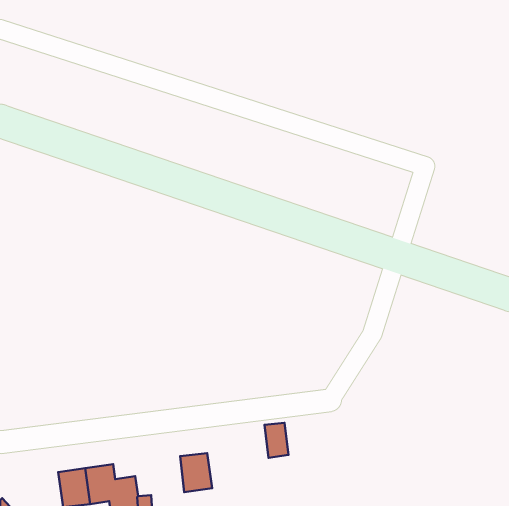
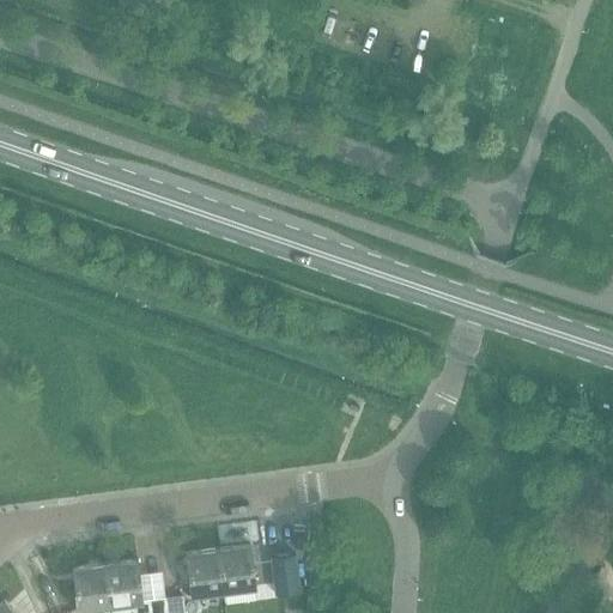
building: [265,423,289,458] -> [272,558,301,600]
building: none -> [186,552,223,600]

